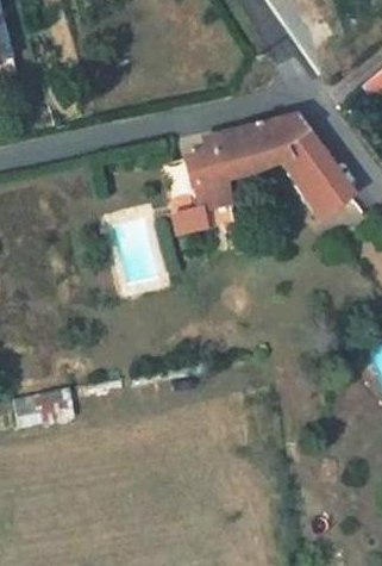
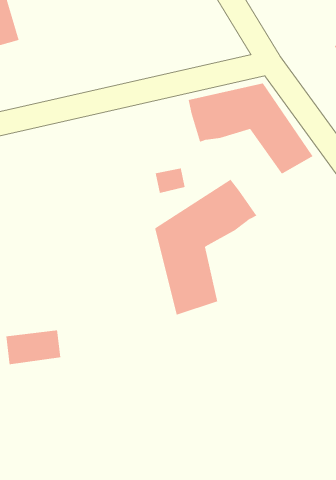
building: [193,149,237,205] -> none
building: none -> [154,179,257,315]

